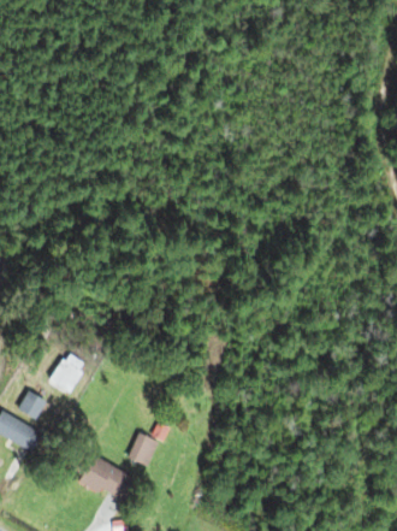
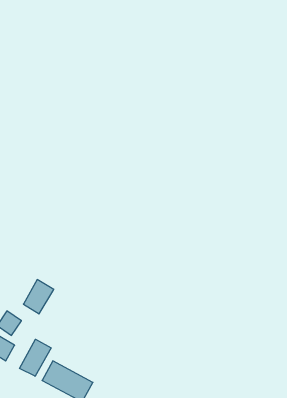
building: none -> [20,339,51,376]
building: [126,433,158,467] -> none

